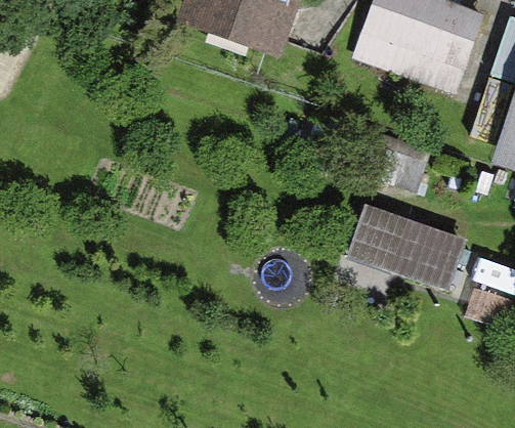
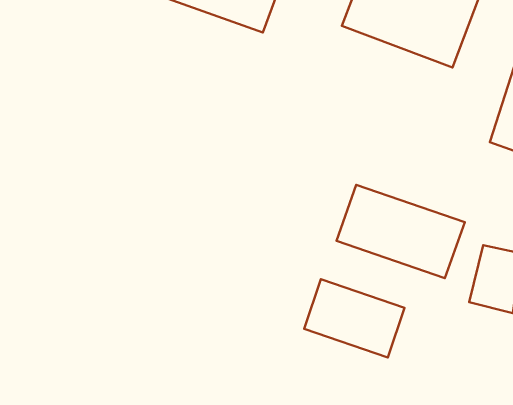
building: none -> [304,279,405,358]

